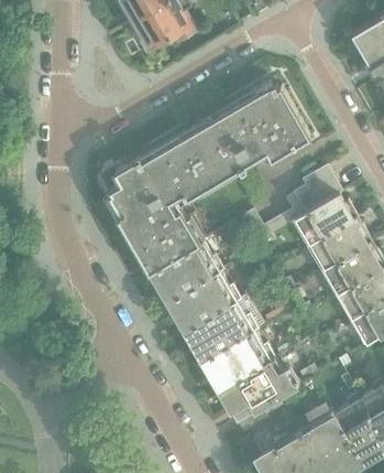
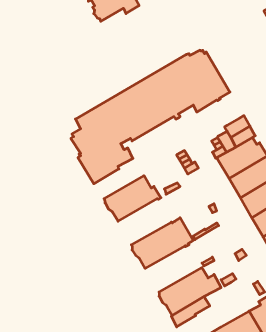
building: [139,223,201,275] -> none
building: [169,273,241,332] -> none
building: [204,333,275,391] -> none

